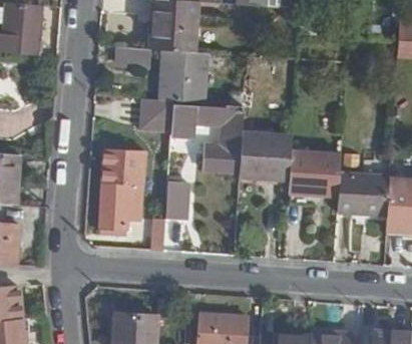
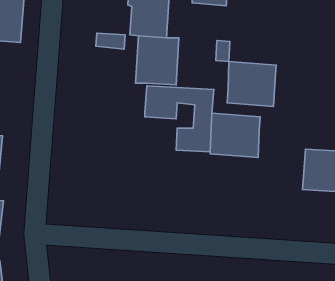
building: [144,99,172,131] -> none
building: [101,144,146,236] -> none
building: [290,151,342,200] -> [227,61,276,107]
building: [165,180,187,219] -> none

